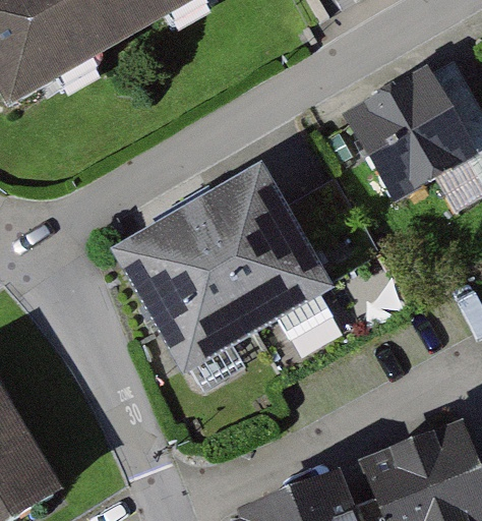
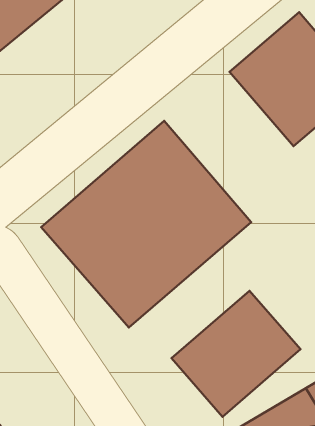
building: none -> [171,291,300,417]

